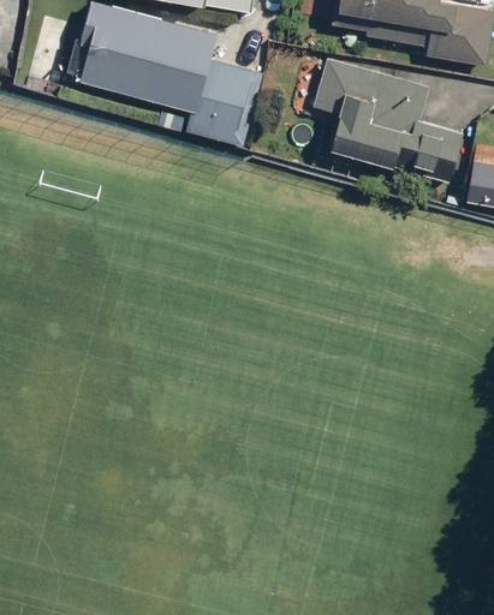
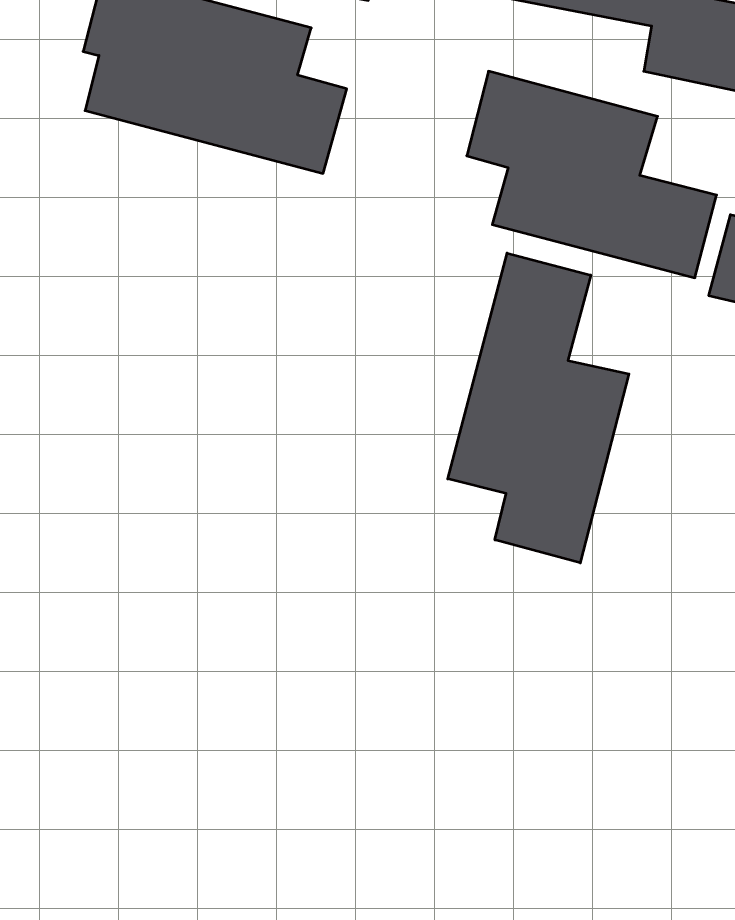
building: none -> [448,253,629,563]

